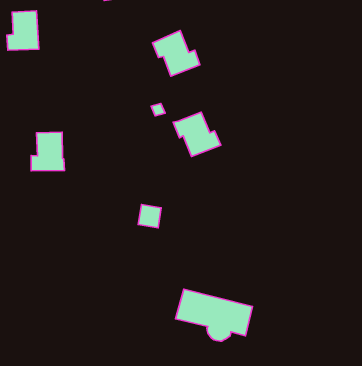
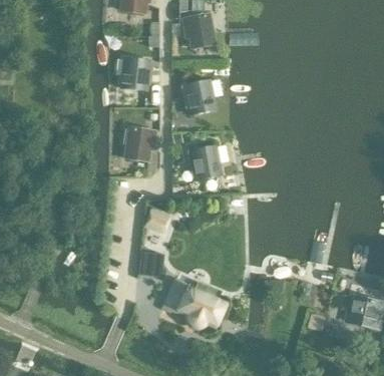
building: [7,11,39,50] -> [122,58,149,90]
building: [31,132,65,171] -> [124,127,153,160]

